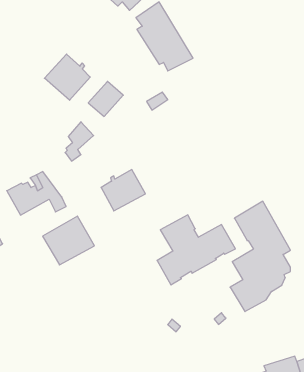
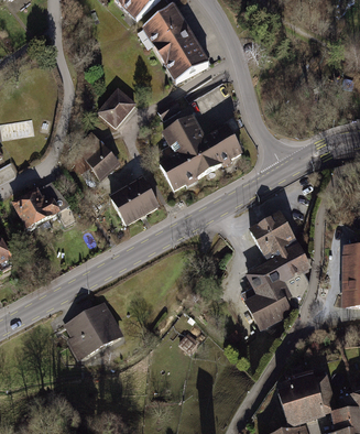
building: [44,54,90,100] -> none
building: none -> [87,145,118,178]
building: [157,215,235,285] -> [160,117,241,189]
building: [43,216,94,265] -> [66,304,120,355]

